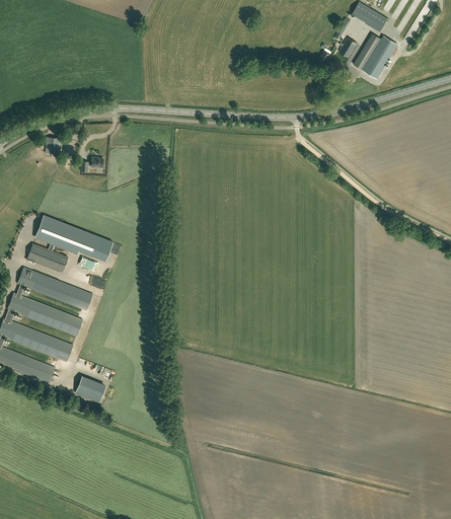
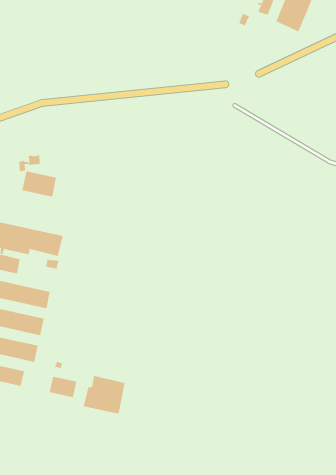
building: none -> [22,171,57,198]
building: none -> [83,375,125,415]

